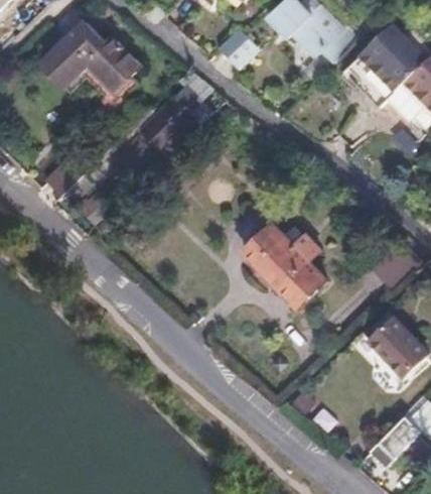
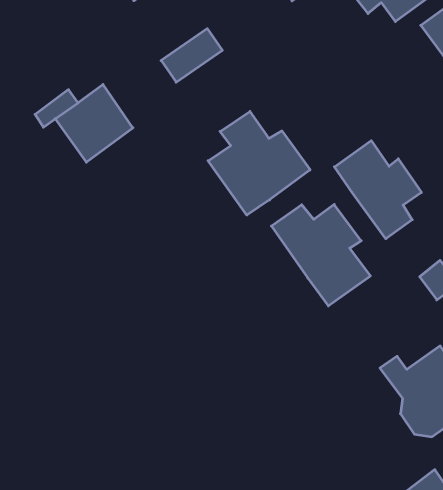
building: none -> [208,111,310,215]
building: none -> [334,141,421,239]

